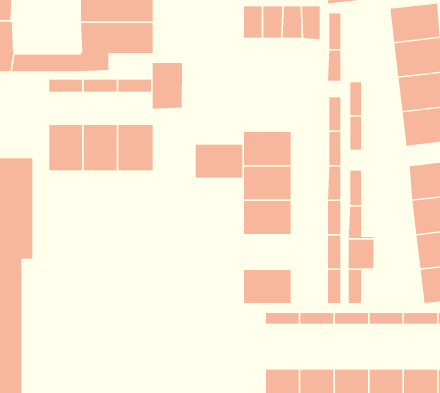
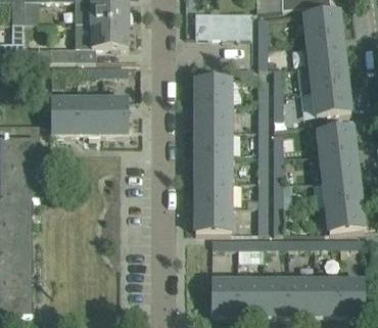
building: [152,62,183,109] -> none
building: [195,144,243,179] -> [195,78,231,103]
building: none -> [195,180,231,205]

